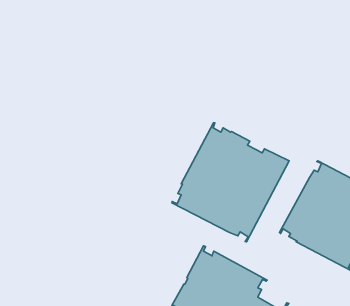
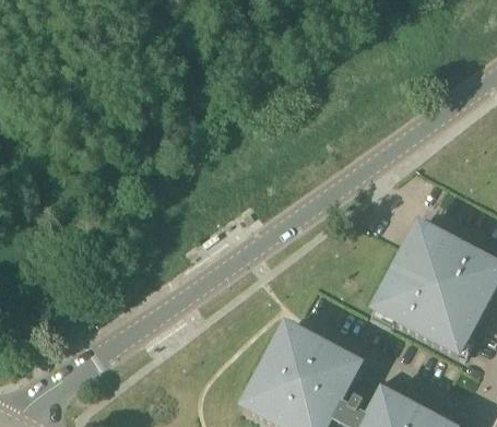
building: [172,123,289,242] -> none

